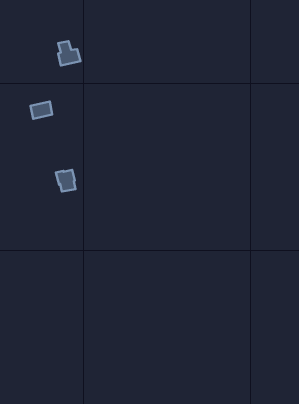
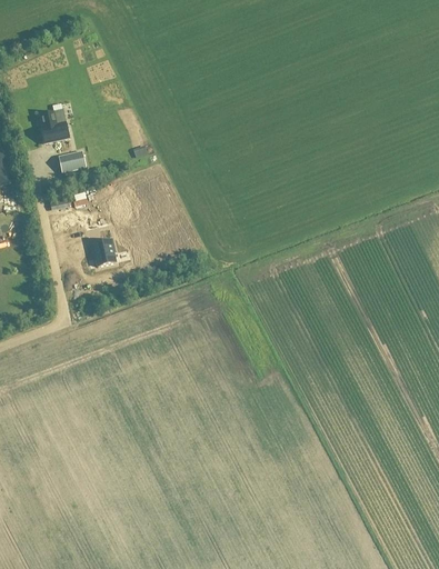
building: [58,41,81,66] -> [39,111,68,142]

